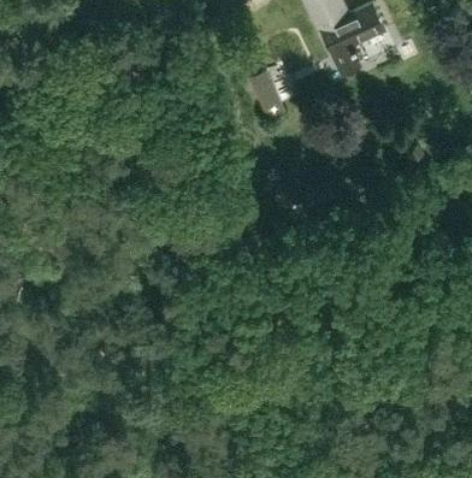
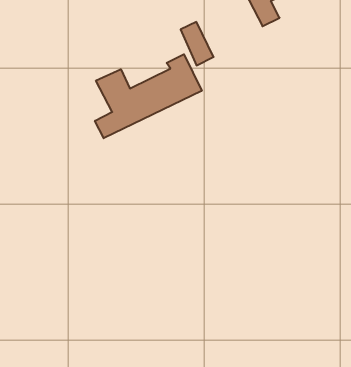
building: none -> [95,54,202,138]

